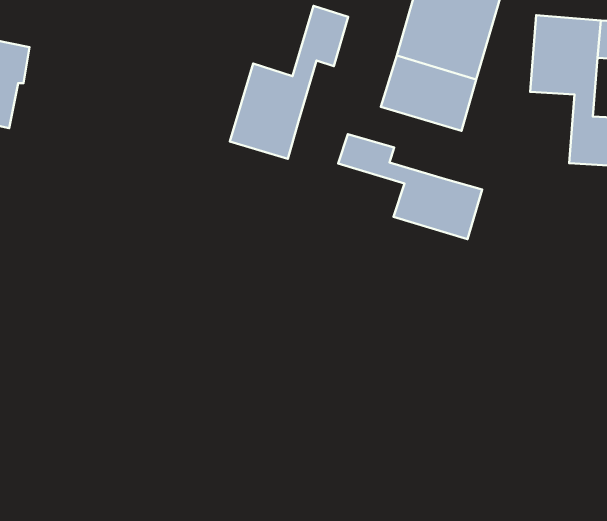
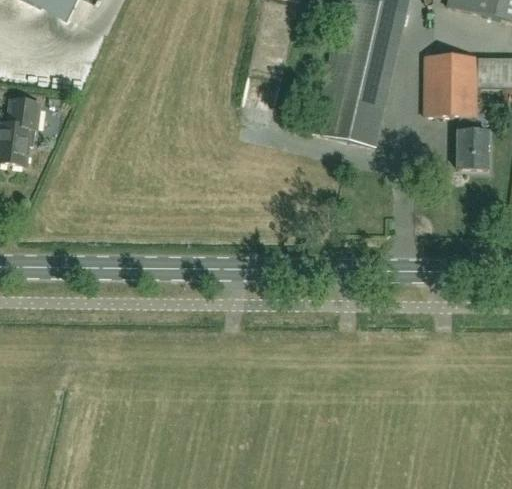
building: [230,6,348,159] -> none
building: [338,134,482,239] -> none

